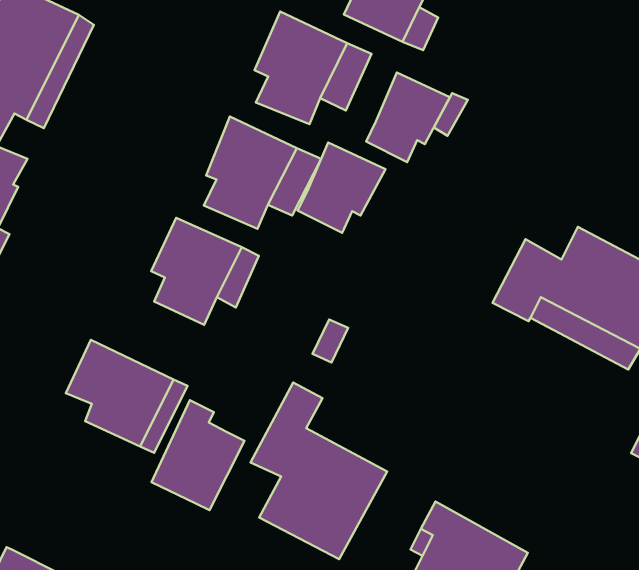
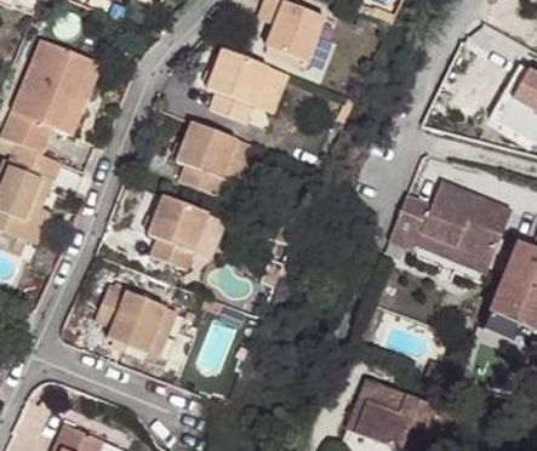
building: [366,72,450,162] -> none
building: [298,142,386,233] -> none
building: [250,382,387,559] -> none
building: [152,400,245,510] -> none

